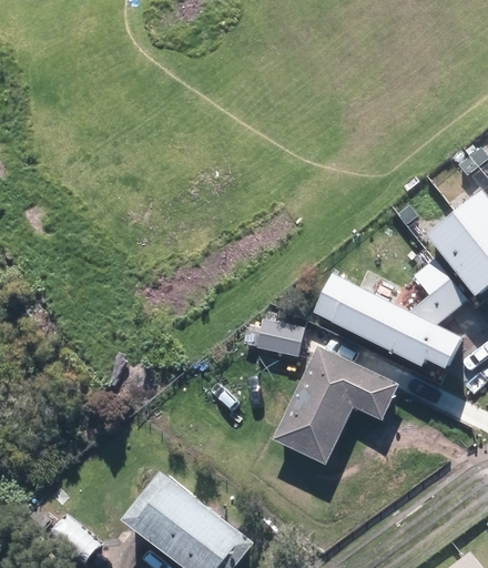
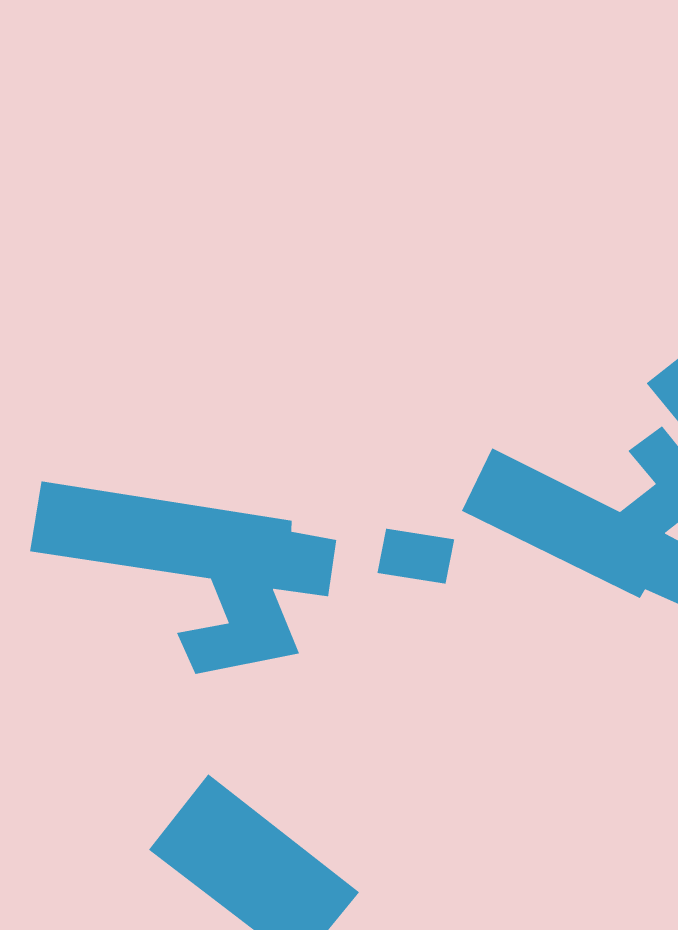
building: none -> [29,481,337,675]
building: [274,344,398,463] -> none

